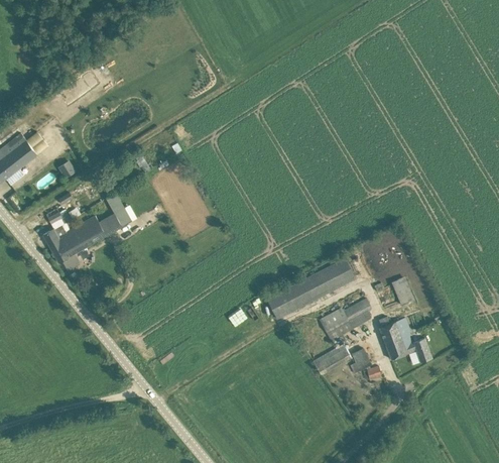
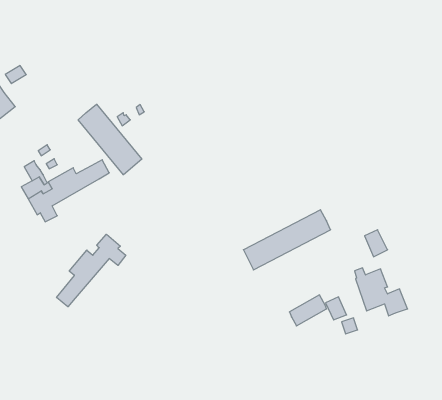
building: none -> [78,104,142,175]
building: none -> [57,234,126,307]
building: [318,300,371,341] -> none

